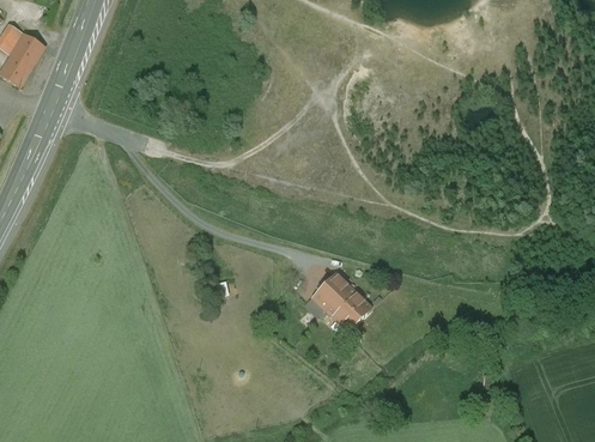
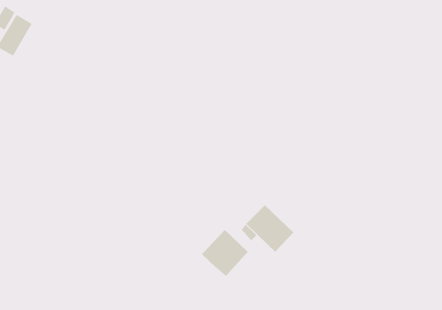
building: none -> [201,229,248,277]

